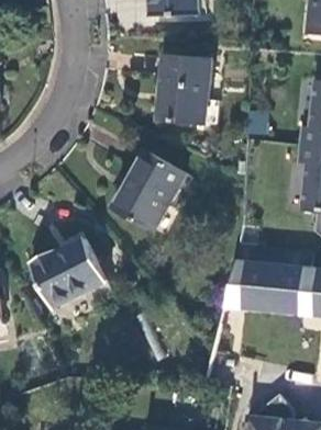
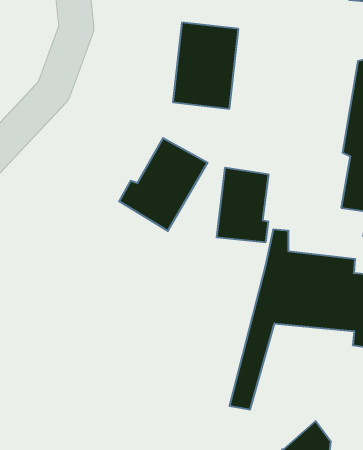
building: none -> [217,168,268,242]
building: [31,240,106,308] -> none

